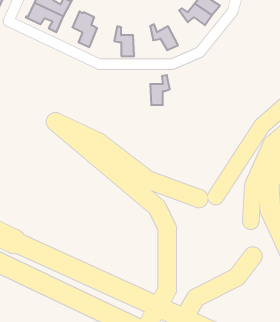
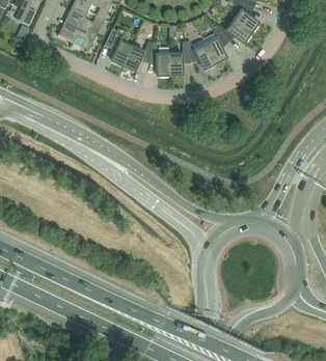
building: none -> [203,27,227,63]
building: none -> [124,43,153,71]
building: [150,75,170,105] -> [169,44,190,75]

